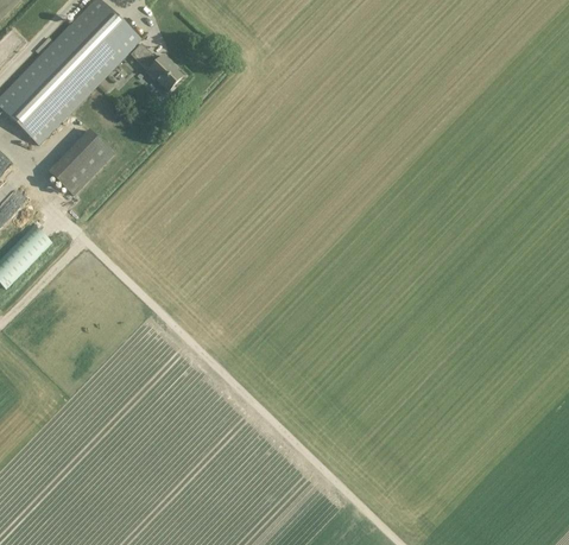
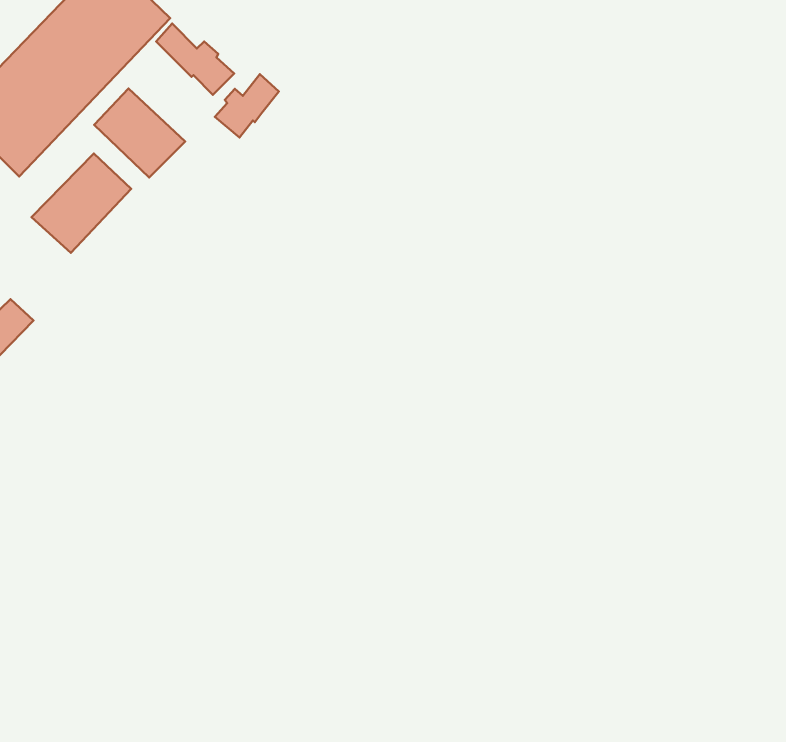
building: none -> [215,74,279,137]
building: none -> [94,89,185,178]

